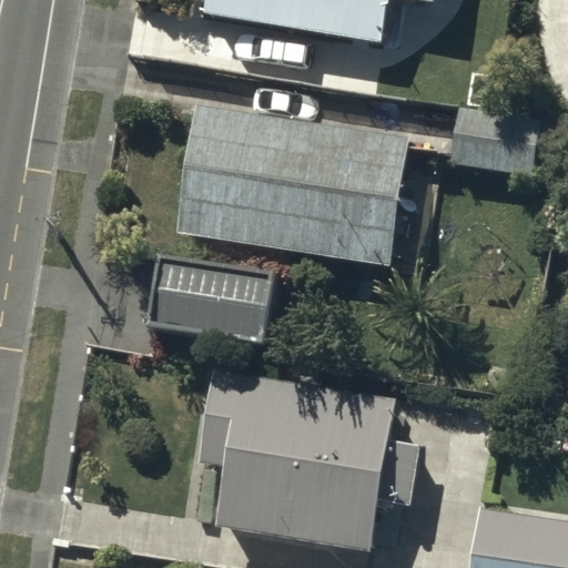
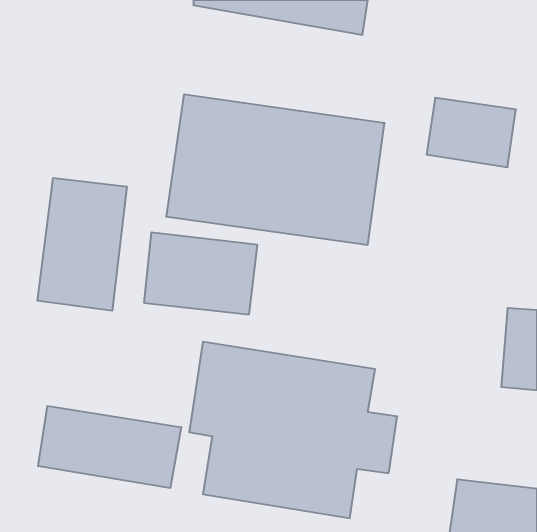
building: none -> [37,178,127,311]
building: none -> [38,406,181,488]

